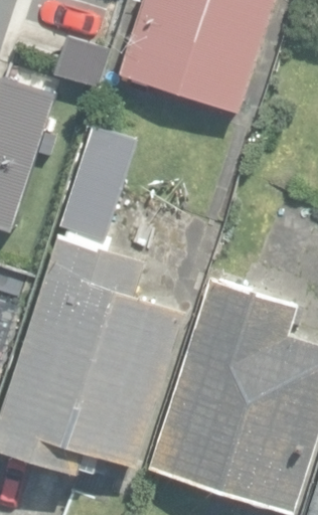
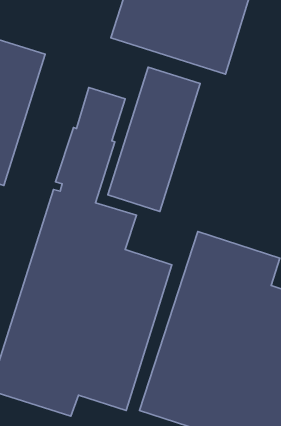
building: none -> [108,67,200,211]

